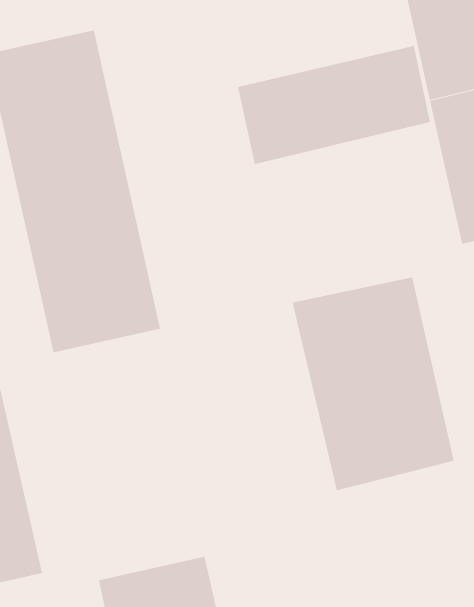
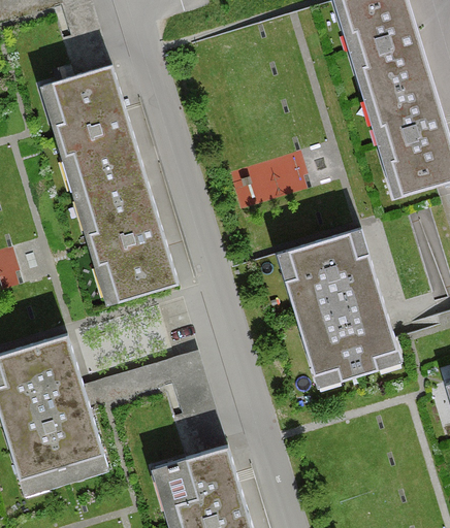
building: [238,45,430,165] -> none

